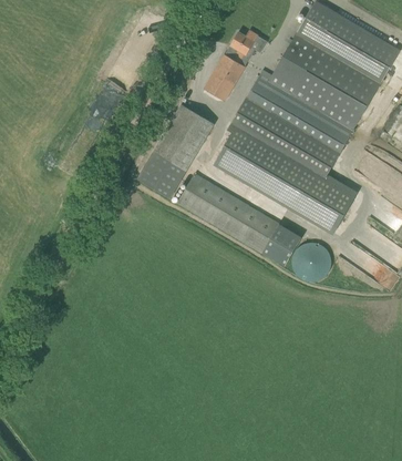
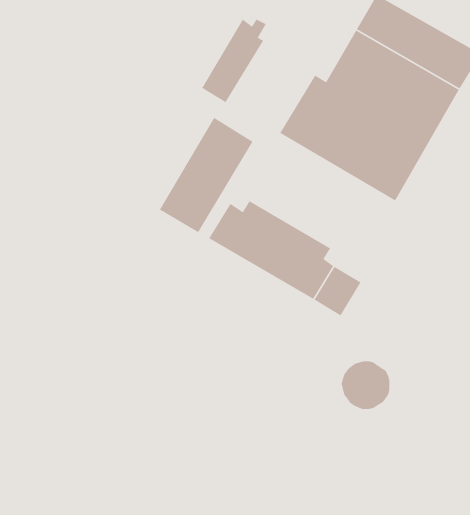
building: [205,31,258,100] -> [201,19,267,103]
building: [214,116,358,234] -> none
building: [291,242,331,281] -> [341,361,390,410]

